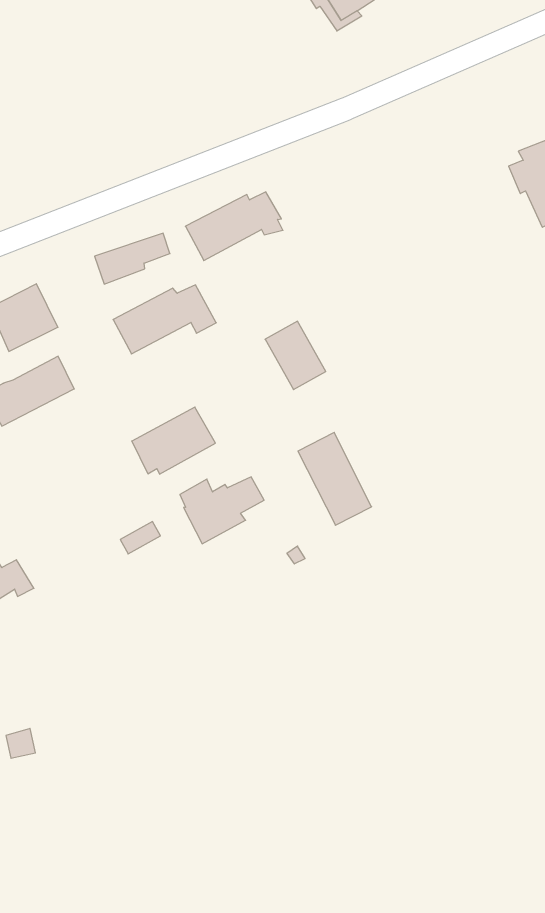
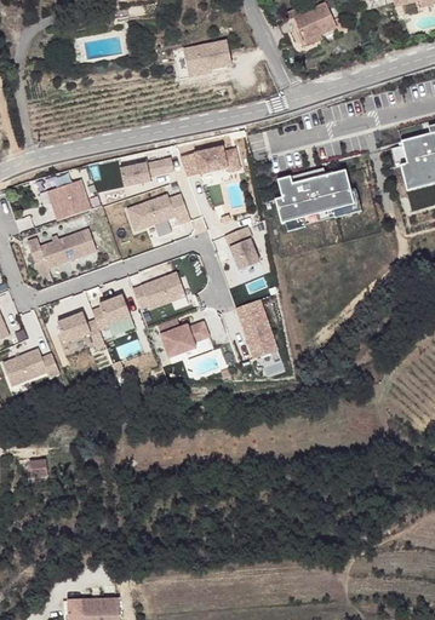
building: none -> [171,38,233,81]
building: none -> [273,167,357,231]
building: none -> [59,294,132,348]

